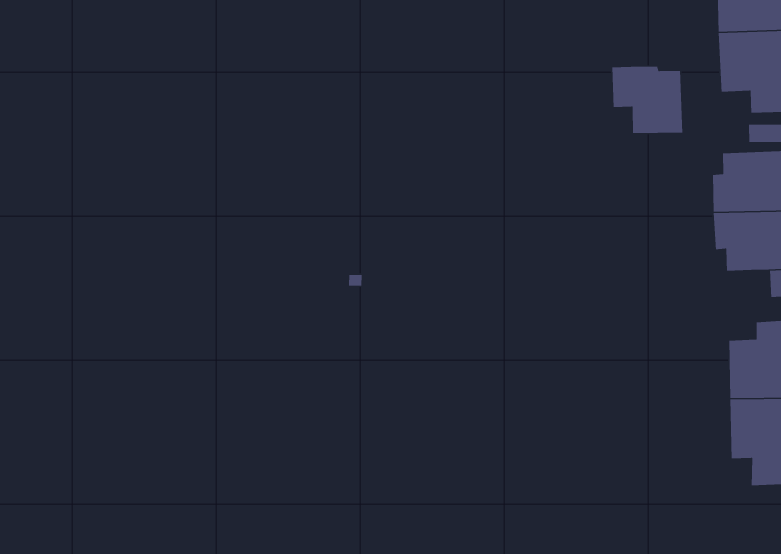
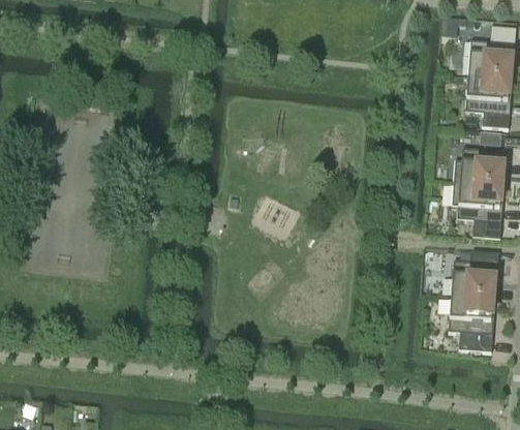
building: [612,66,683,134] -> none

